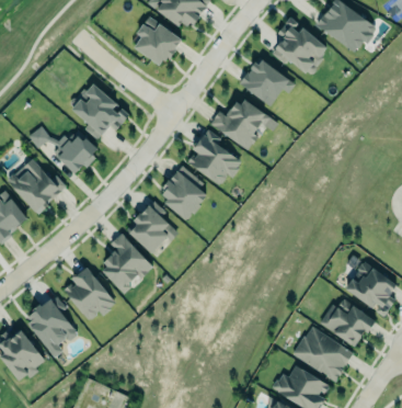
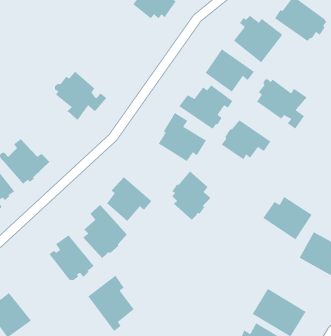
building: [134,14,182,64] -> none
building: none -> [256,79,307,130]
building: [27,125,99,172] -> none
building: none -> [221,119,271,160]
building: [162,163,206,219] -> [171,171,210,221]
building: [23,294,76,358] -> [87,275,134,332]
building: [318,298,374,348] -> [262,196,312,240]

